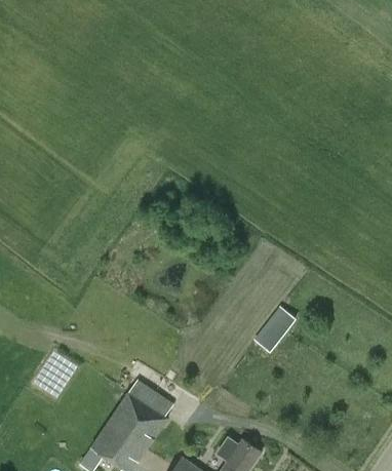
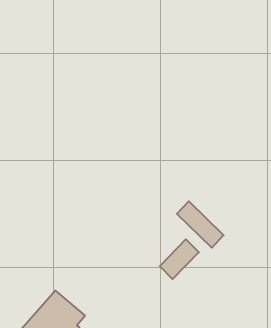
building: none -> [177,201,224,248]

